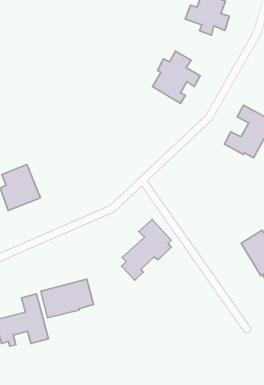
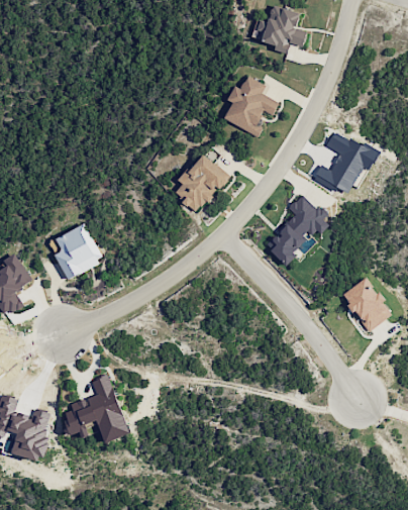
building: none -> [174,154,230,212]
building: [121,220,171,280] -> [270,193,326,266]
building: [41,279,93,318] -> none

